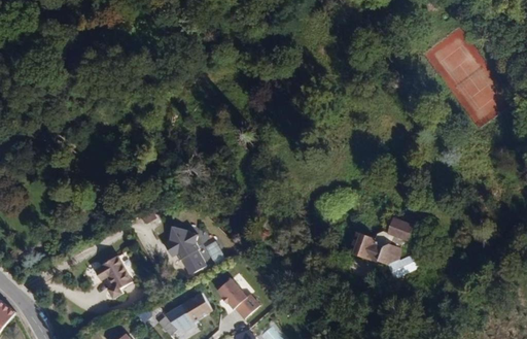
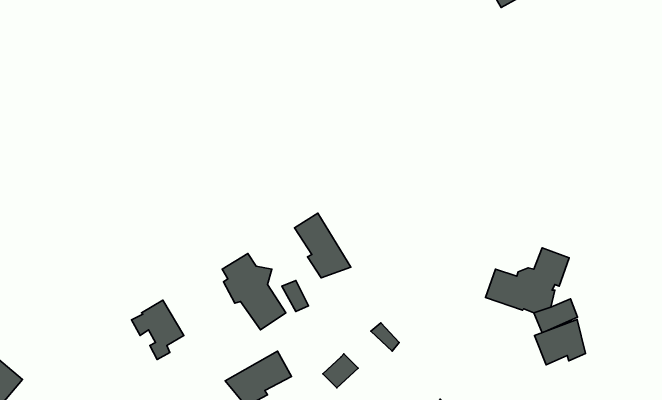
building: none -> [294,213,351,278]
building: none -> [535,319,585,365]
building: [217,277,248,308] -> none

